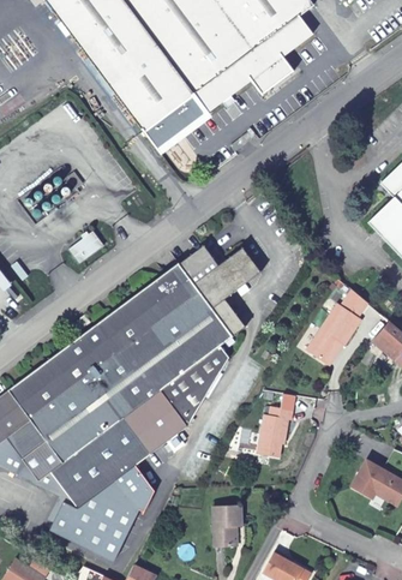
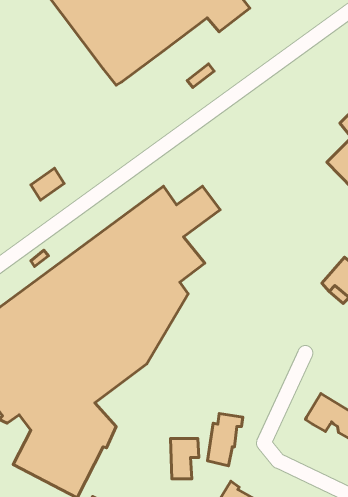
building: [304,286,366,361] -> none
building: [256,403,292,456] -> [207,414,243,466]

